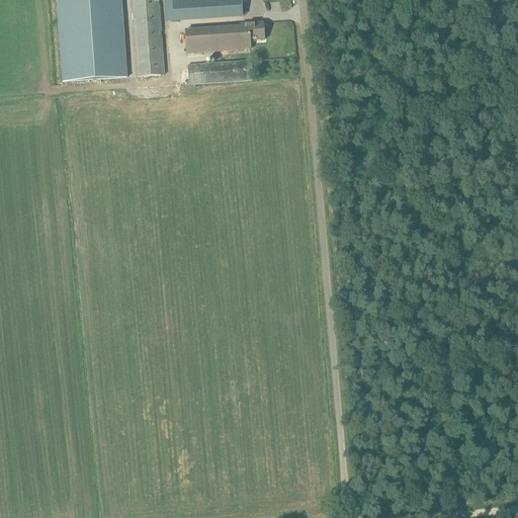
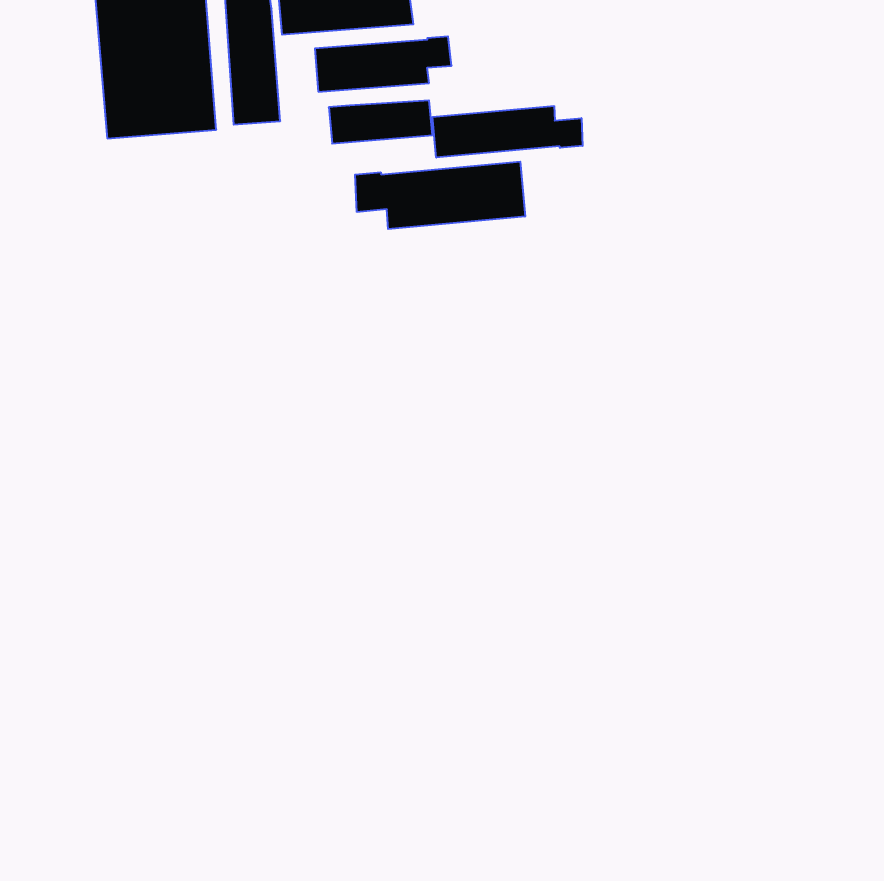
building: none -> [433,106,583,158]
building: none -> [355,162,525,229]

